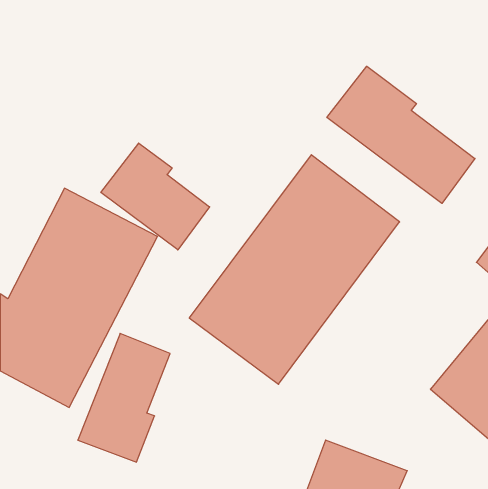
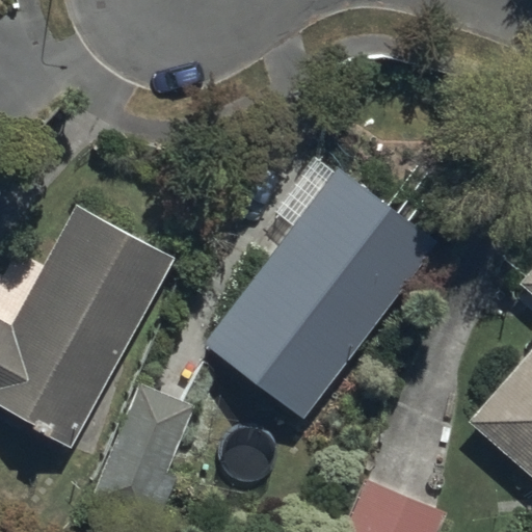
building: [327,66,475,203] -> none
building: [101,143,210,250] -> none

